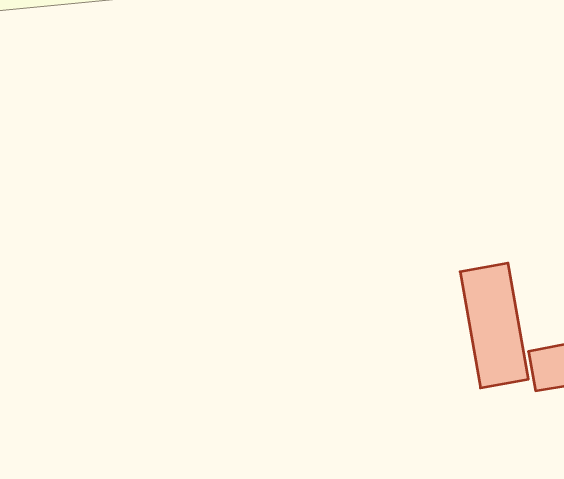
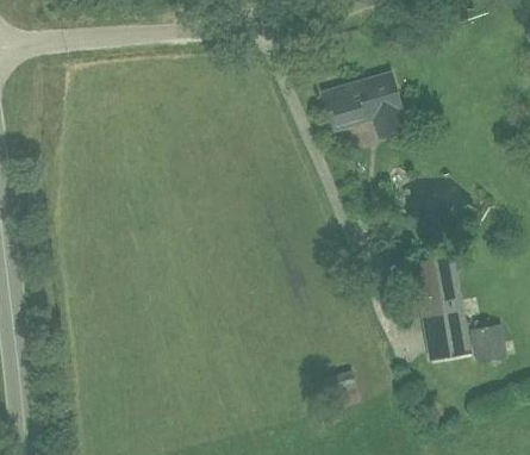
building: none -> [324,71,406,131]

